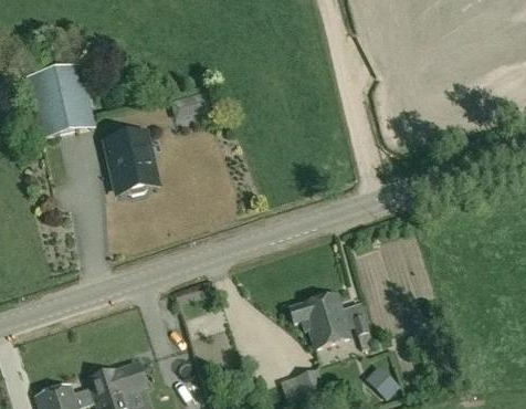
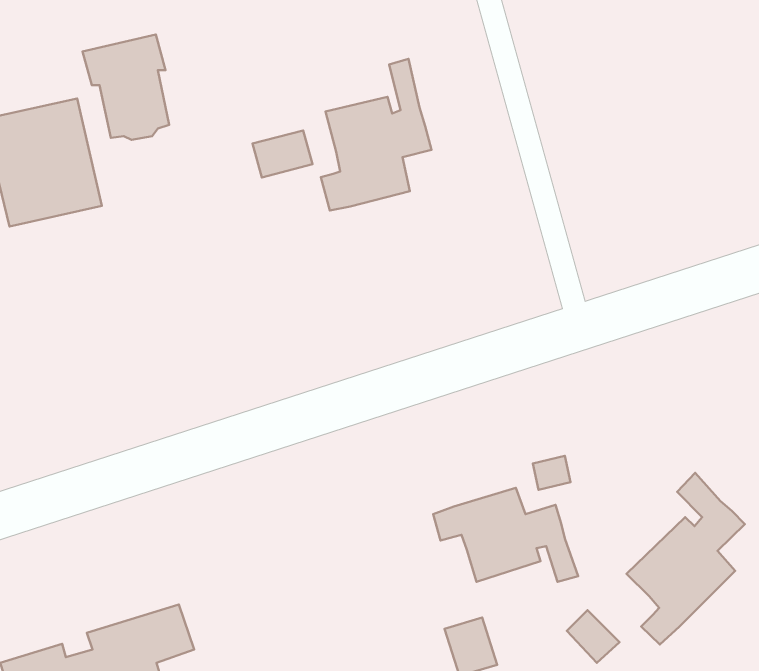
building: none -> [321,59,431,210]
building: [103,133,154,195] -> [83,35,169,140]
building: none -> [627,473,745,645]

